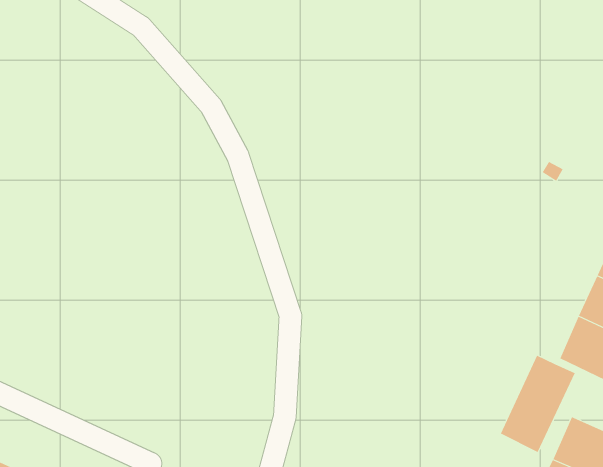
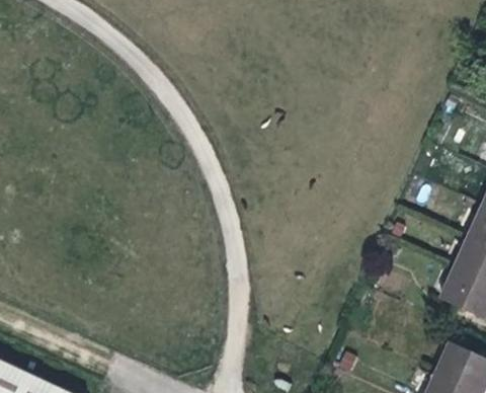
building: [500,355,575,453] -> none

